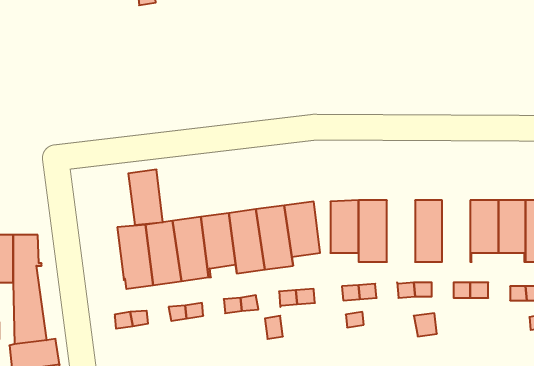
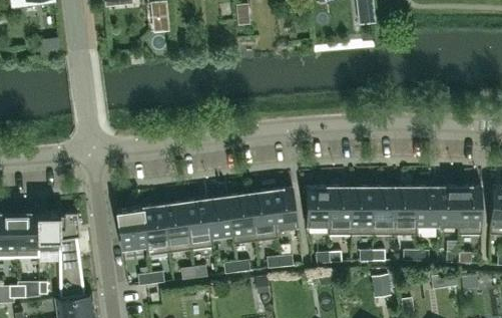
building: [128,170,163,225] -> [117,207,144,250]
building: none -> [350,186,372,234]
building: none -> [393,186,415,234]

